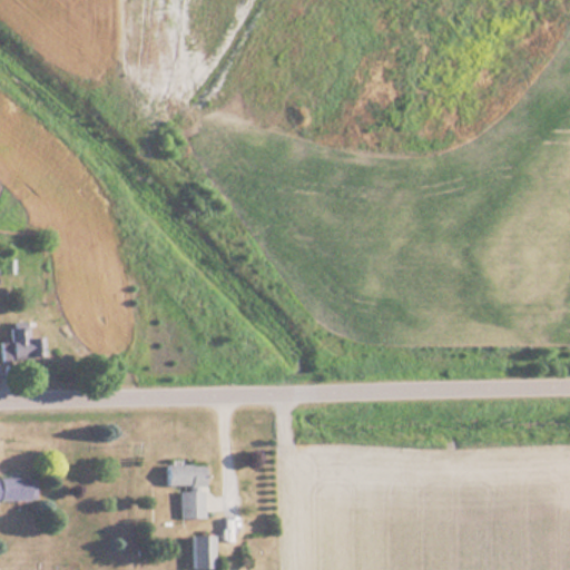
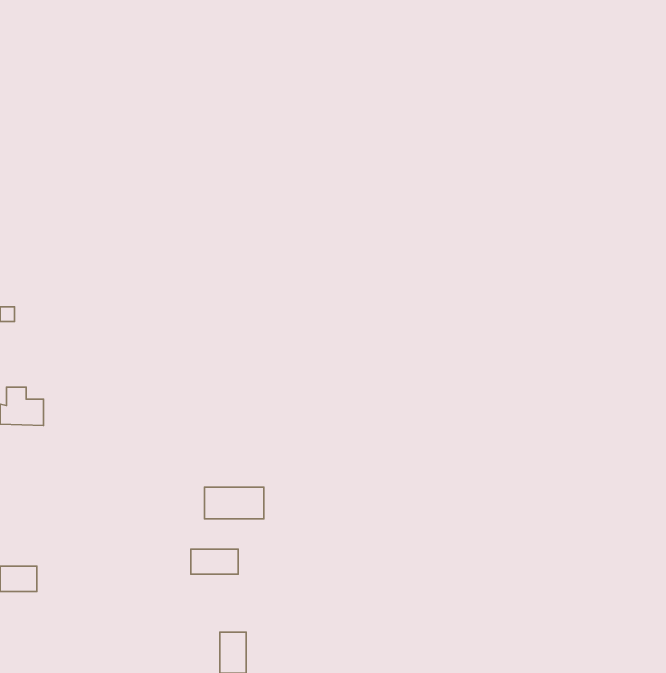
building: none -> [204,487,264,519]
building: [180,491,205,518] -> none

